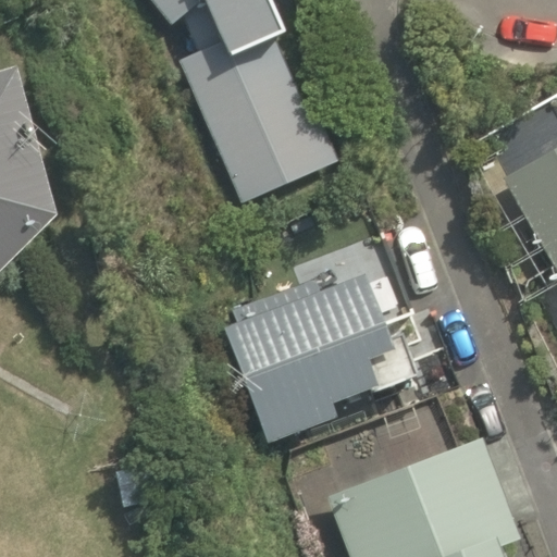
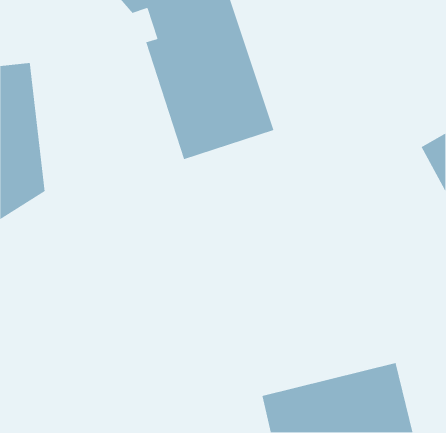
building: [223,260,399,440] -> none

